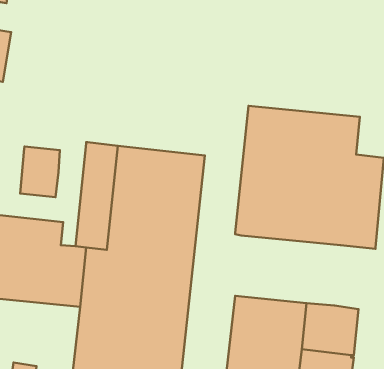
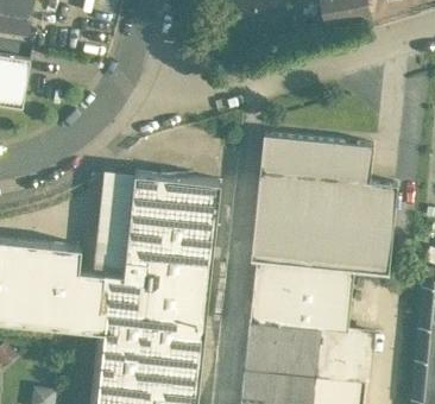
building: [20,146,60,197] -> none
building: none -> [250,263,353,332]

